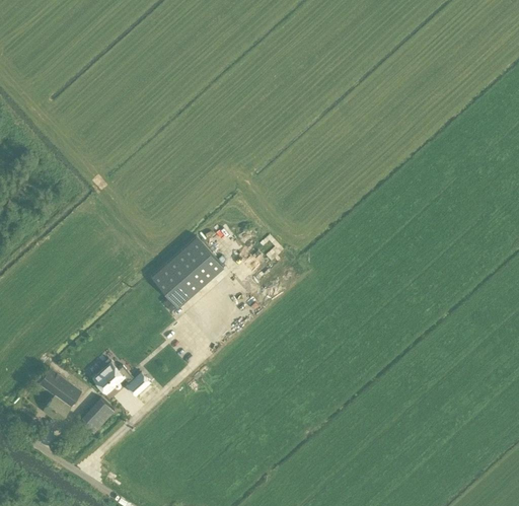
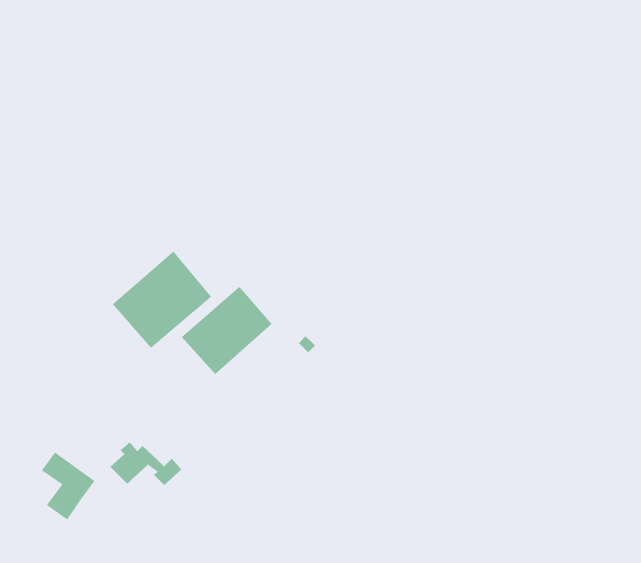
building: none -> [112,251,212,349]
building: [81,401,114,433] -> none

